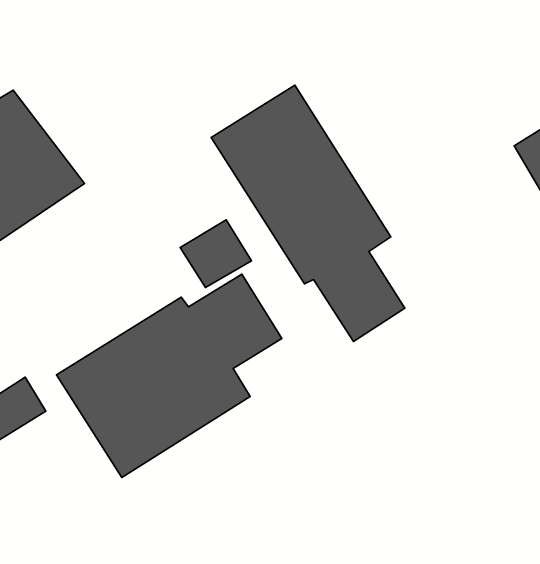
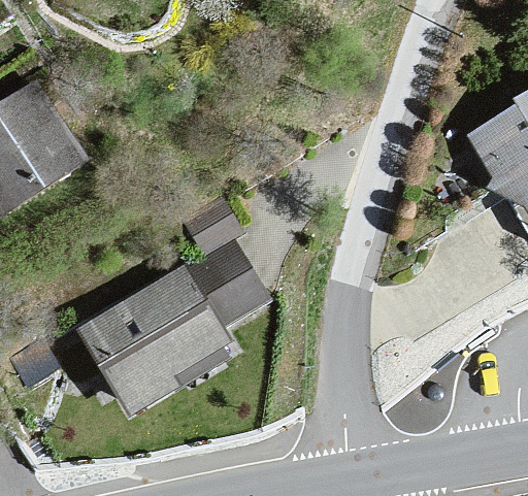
building: [211,85,405,342] -> none

